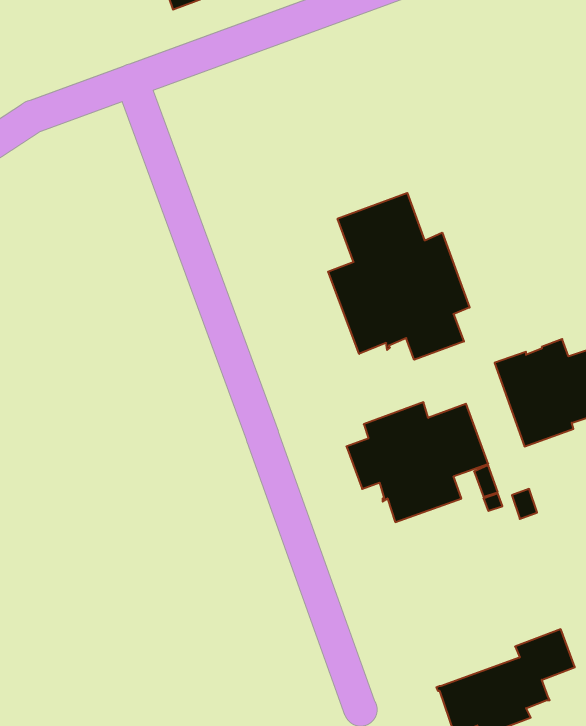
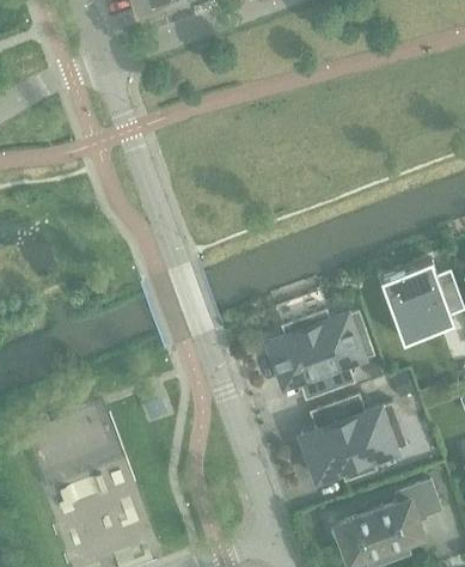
building: [328,193,470,360] -> none
building: none -> [304,395,399,483]

